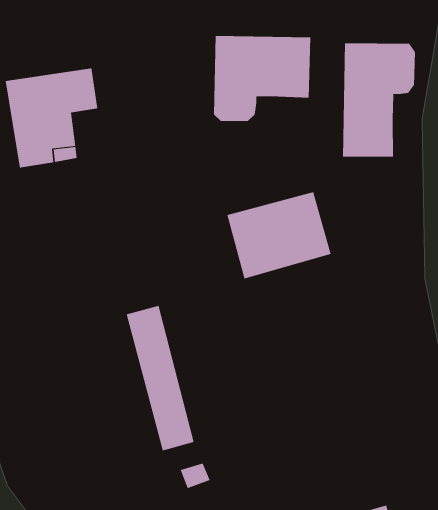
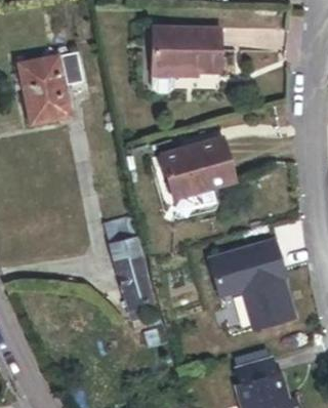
building: [343,42,415,157] -> none
building: none -> [212,245,296,333]

